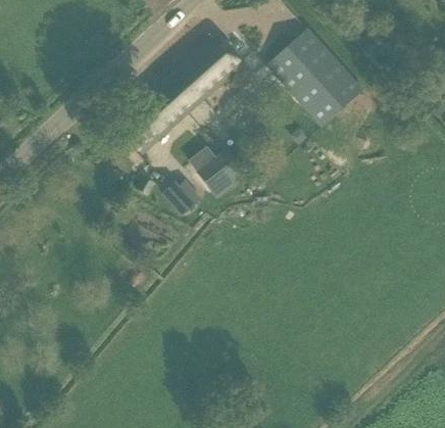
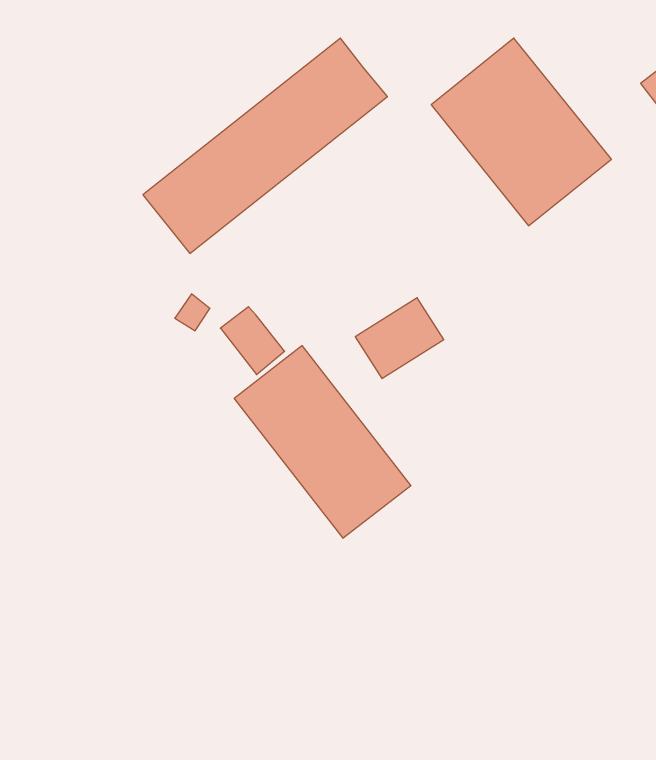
building: [197,146,244,190] -> [355,298,444,379]
building: none -> [234,346,411,538]

